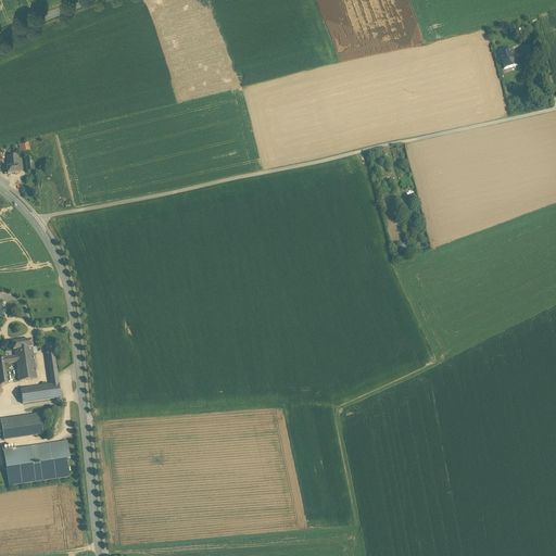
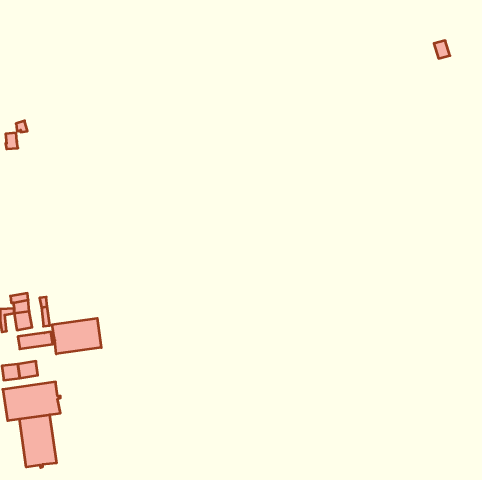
building: none -> [52,318,101,354]
building: none -> [19,415,56,468]

